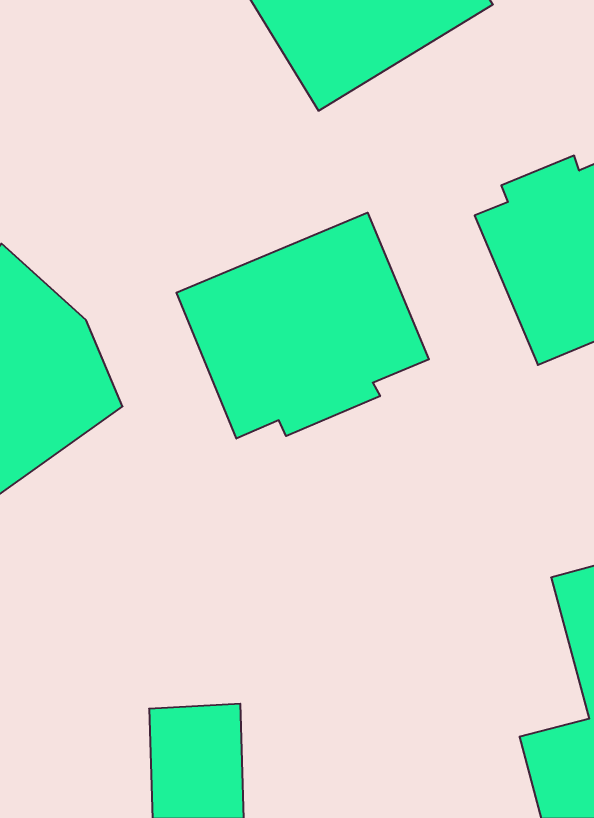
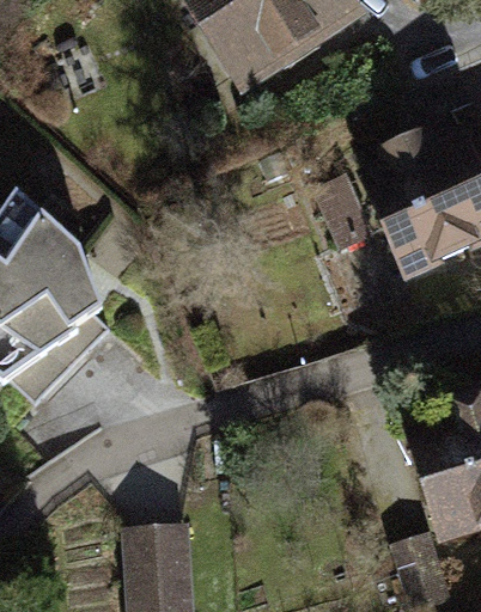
building: [176,213,429,439] -> none

